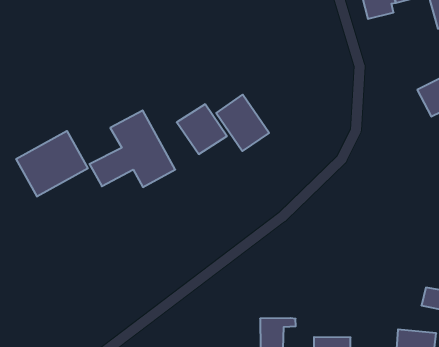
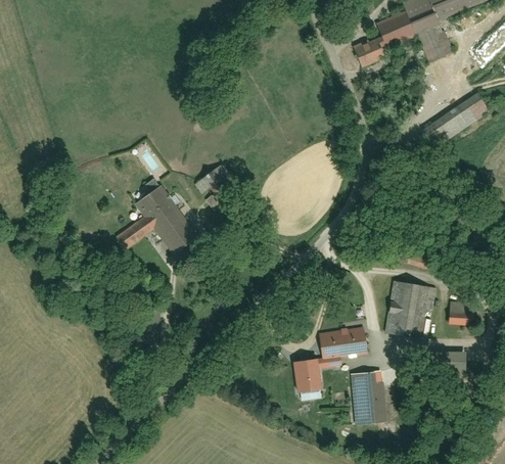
building: [216,95,269,151] -> none
building: [16,131,88,197] -> none
building: none -> [383,284,426,338]
building: none -> [321,326,369,357]

